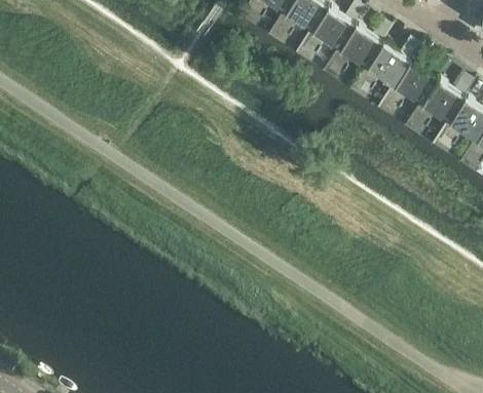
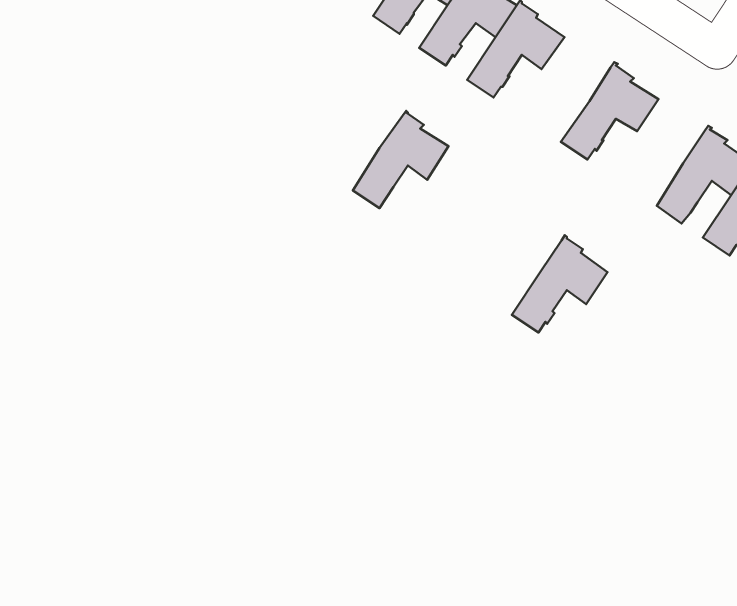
building: [326,24,381,80] -> [353,111,449,208]
building: [380,60,436,116] -> [512,235,608,333]

